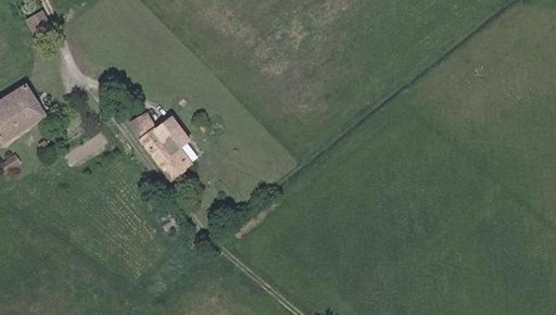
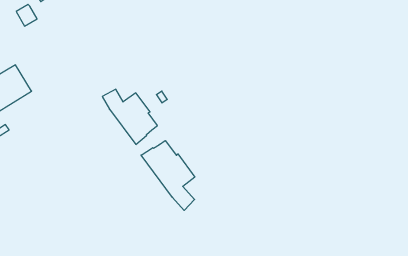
building: none -> [141,141,195,210]

